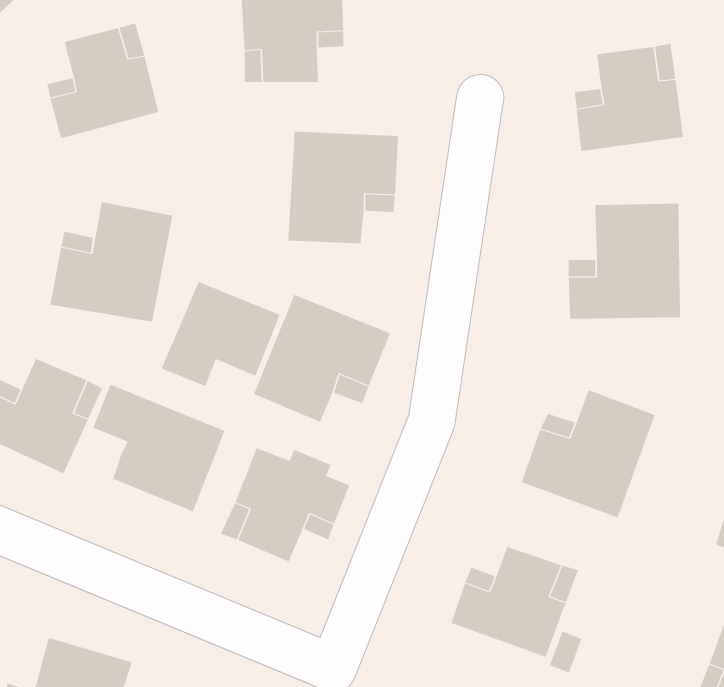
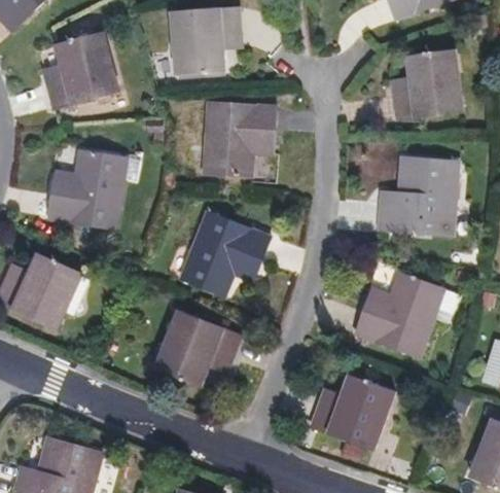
building: [161,281,280,387] -> none
building: [93,384,225,512] -> none

